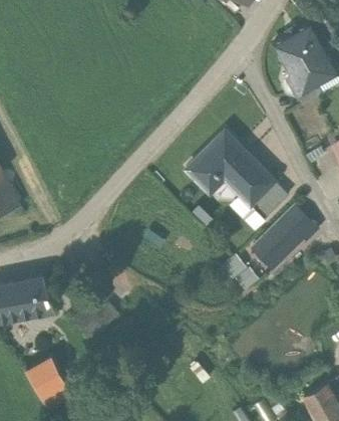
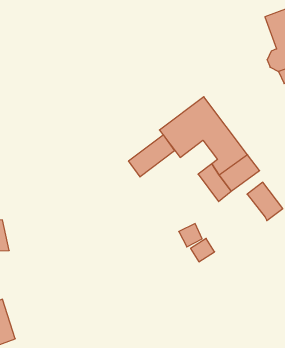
building: none -> [129,135,175,177]
building: [248,220,301,273] -> none

